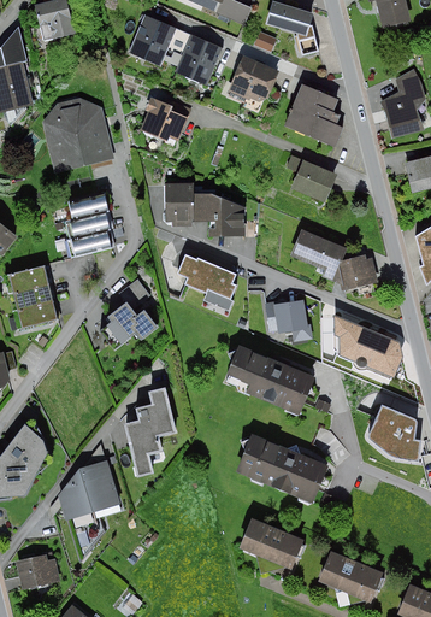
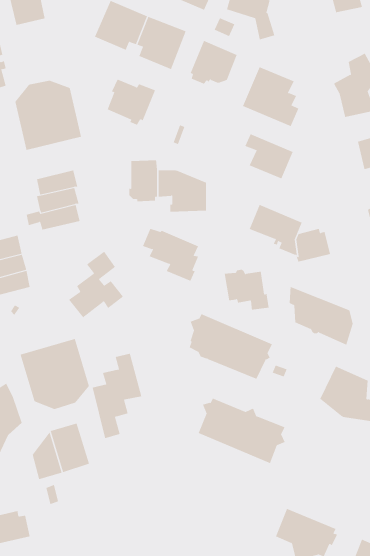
building: none -> [20,338,89,410]
building: [238,517,305,574] -> none

